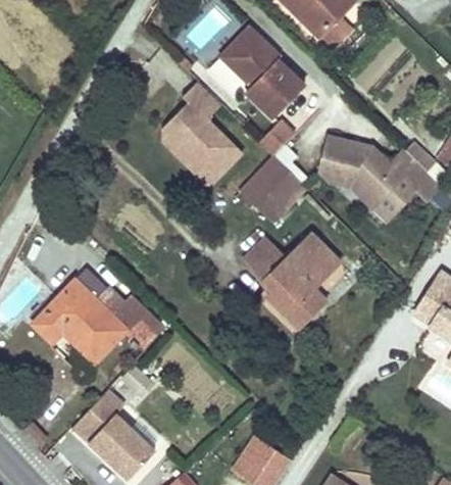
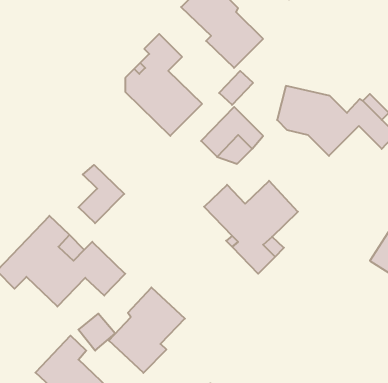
building: [371,176,418,223] -> none
building: none -> [78,165,124,223]
building: none -> [109,287,185,373]

